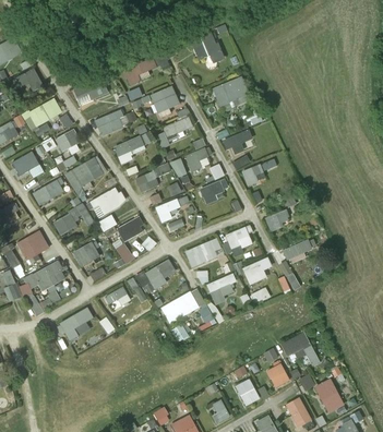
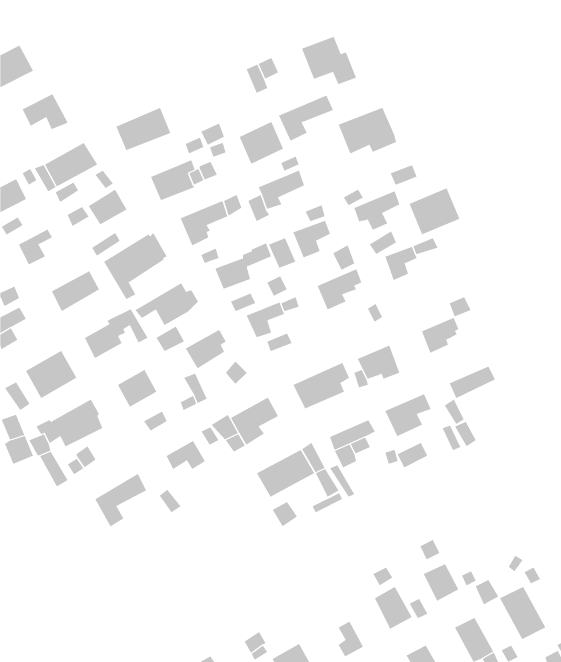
building: [122,58,157,87] -> [278,95,334,141]
building: none -> [409,187,460,235]
building: [280,333,320,367] -> none

